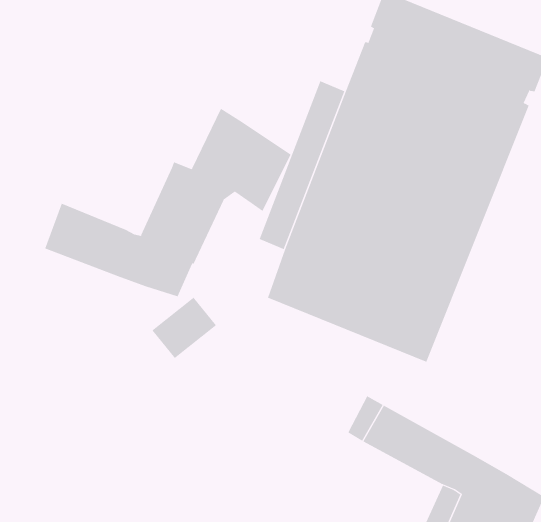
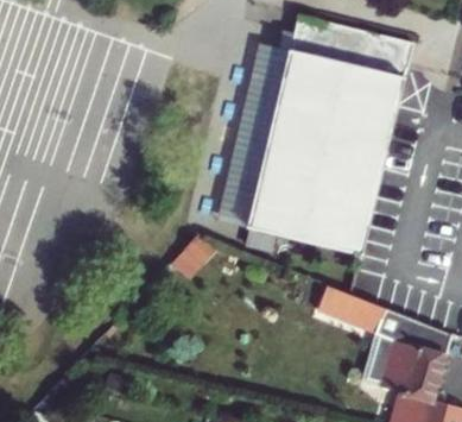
building: [45,108,292,297] -> none

